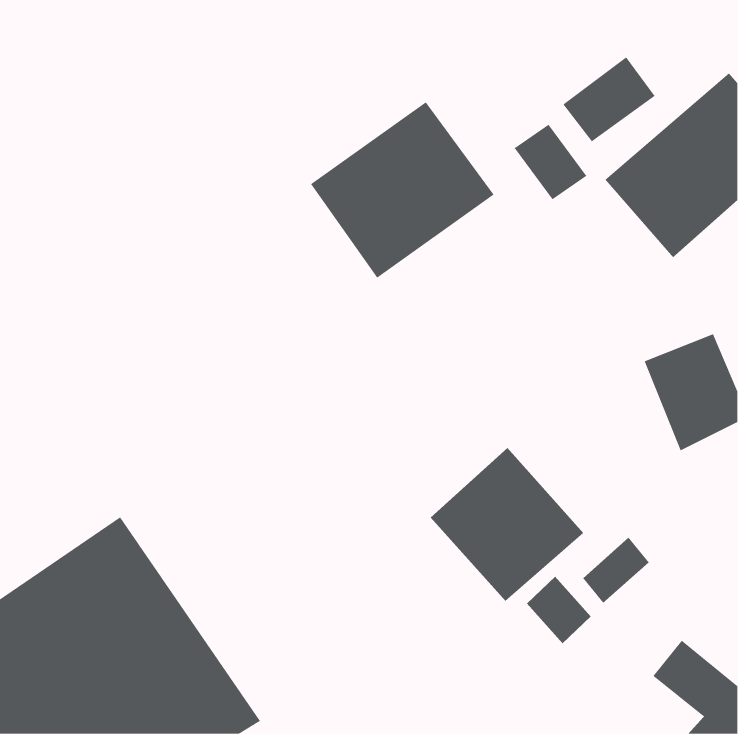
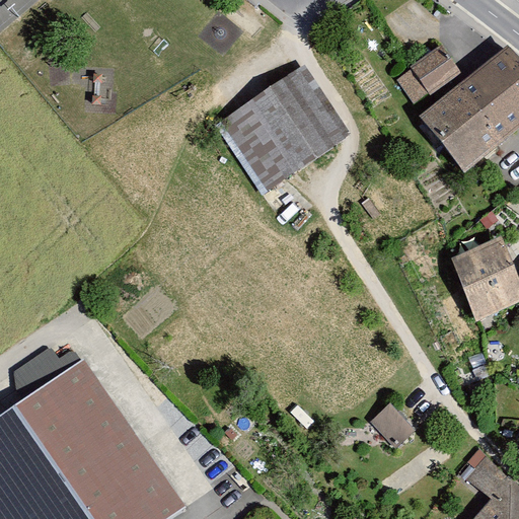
building: [514,124,587,200] -> none
building: [430,447,584,602] -> none
building: [582,537,649,604] -> none

